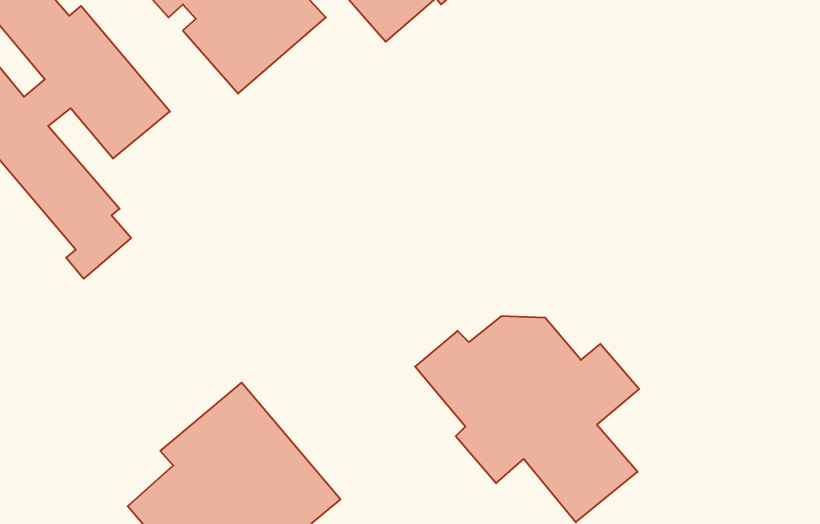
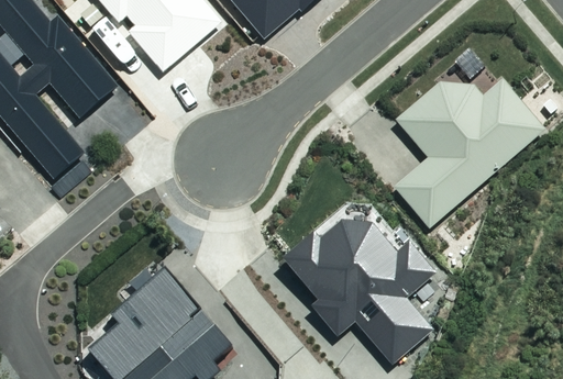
building: none -> [393,80,543,225]

